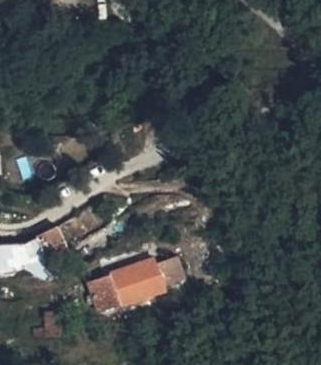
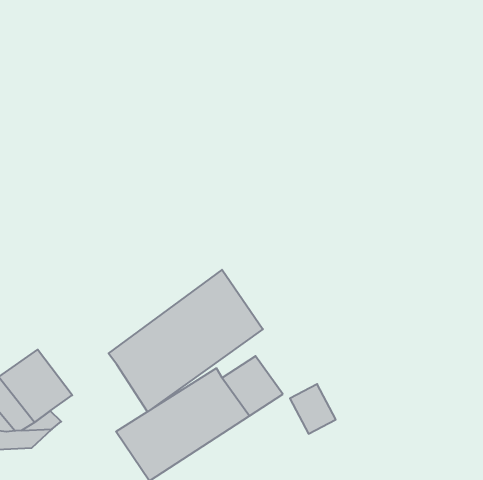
building: none -> [109,270,263,412]

